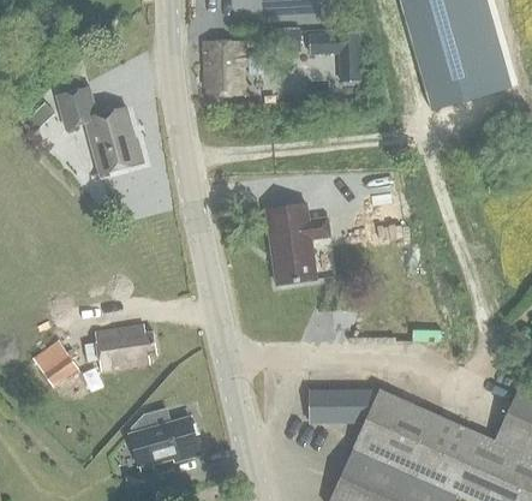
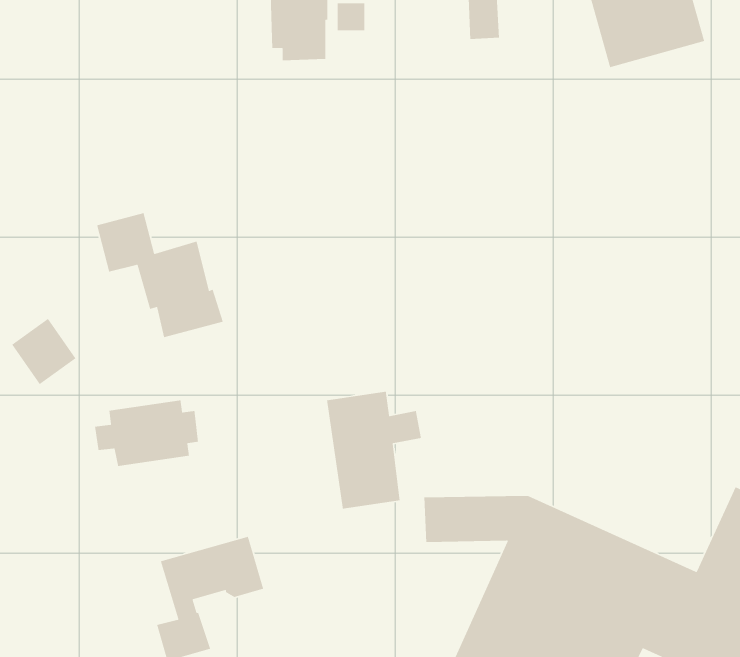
building: [58,87,144,172] -> [96,212,224,338]
building: [265,203,330,284] -> [326,391,422,510]
building: [34,340,78,386] -> [11,318,77,385]

